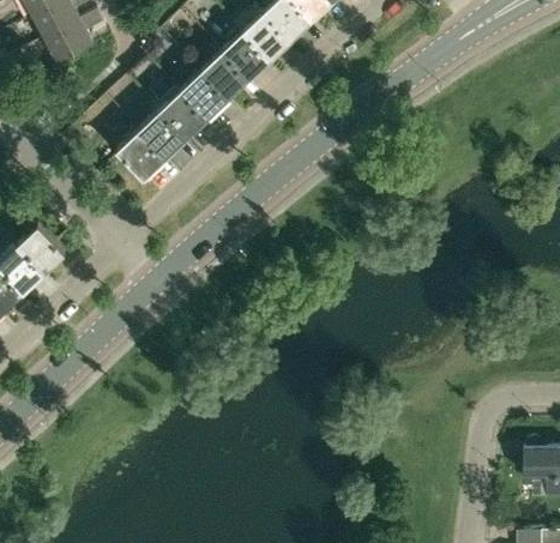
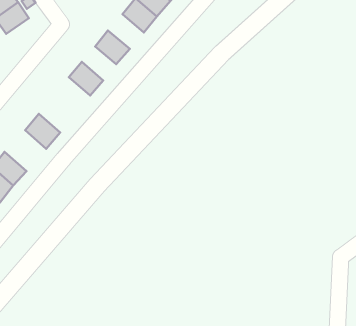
building: [199,52,248,101] -> none
building: [158,92,205,140] -> none
building: [116,131,164,180] -> [25,114,60,149]

